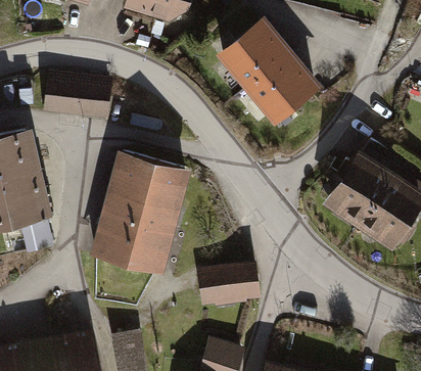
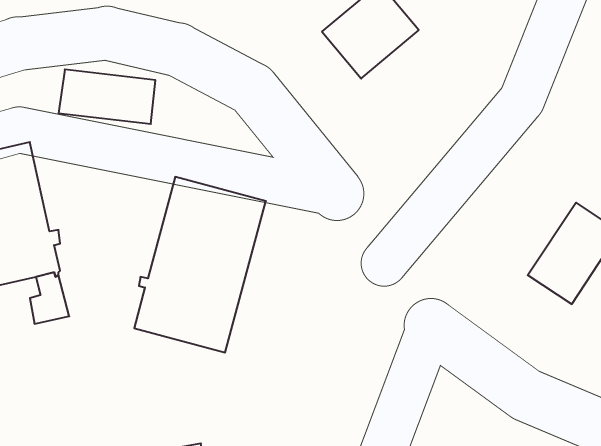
building: [247,55,312,119] -> none
building: [331,153,392,221] -> none
building: [197,266,256,305] -> none

